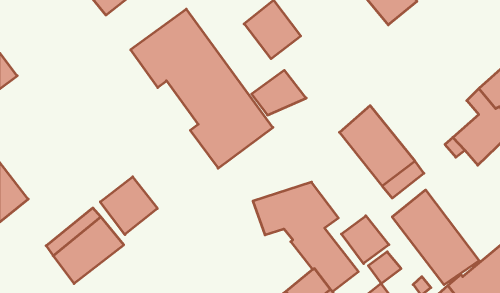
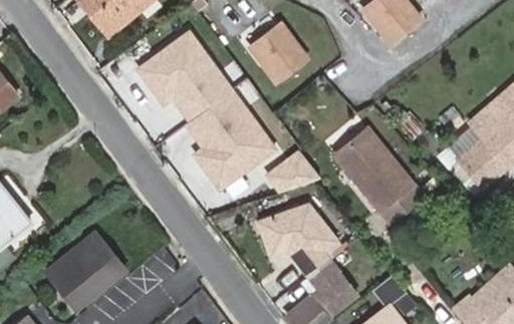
building: [252,70,306,115] -> [264,148,319,194]
building: [100,177,157,235] -> none
building: [392,190,479,285] -> none
building: [341,216,389,264] -> none

